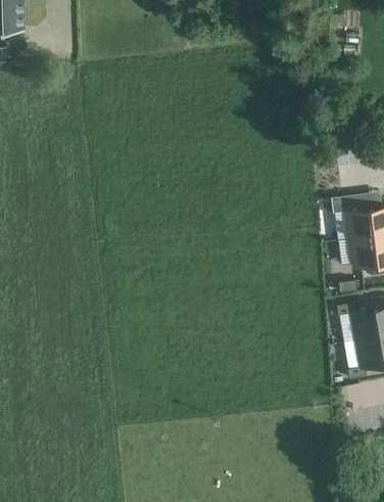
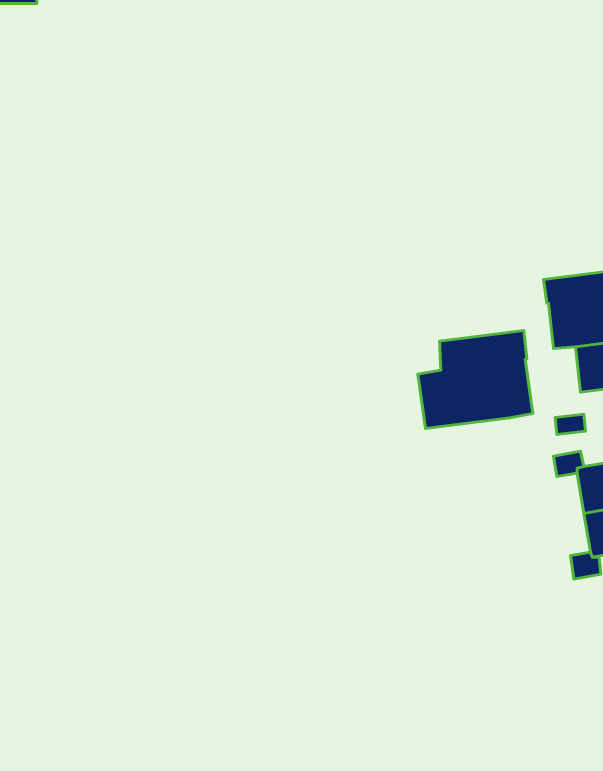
building: none -> [418,330,533,429]

